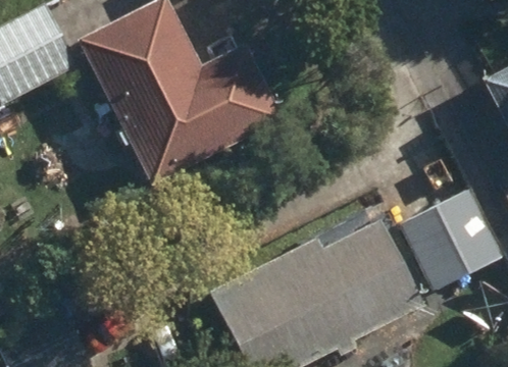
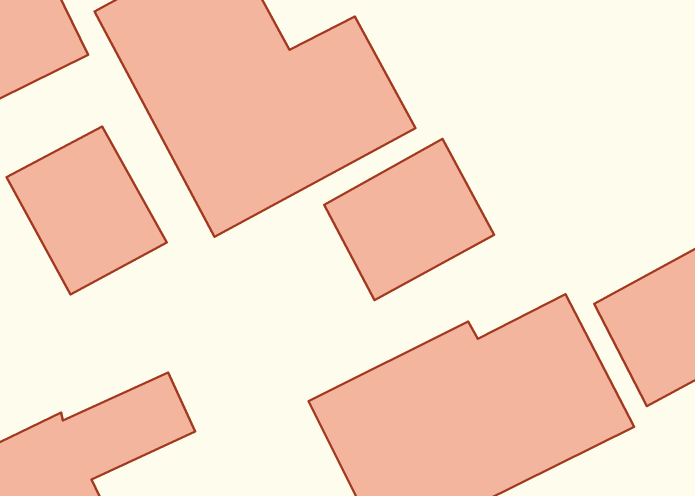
building: none -> [6,127,167,295]
building: none -> [324,139,494,300]

